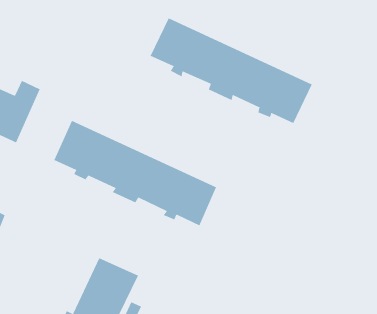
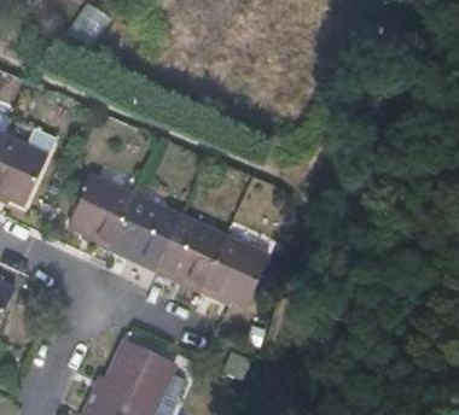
building: [150,18,312,124] -> none

